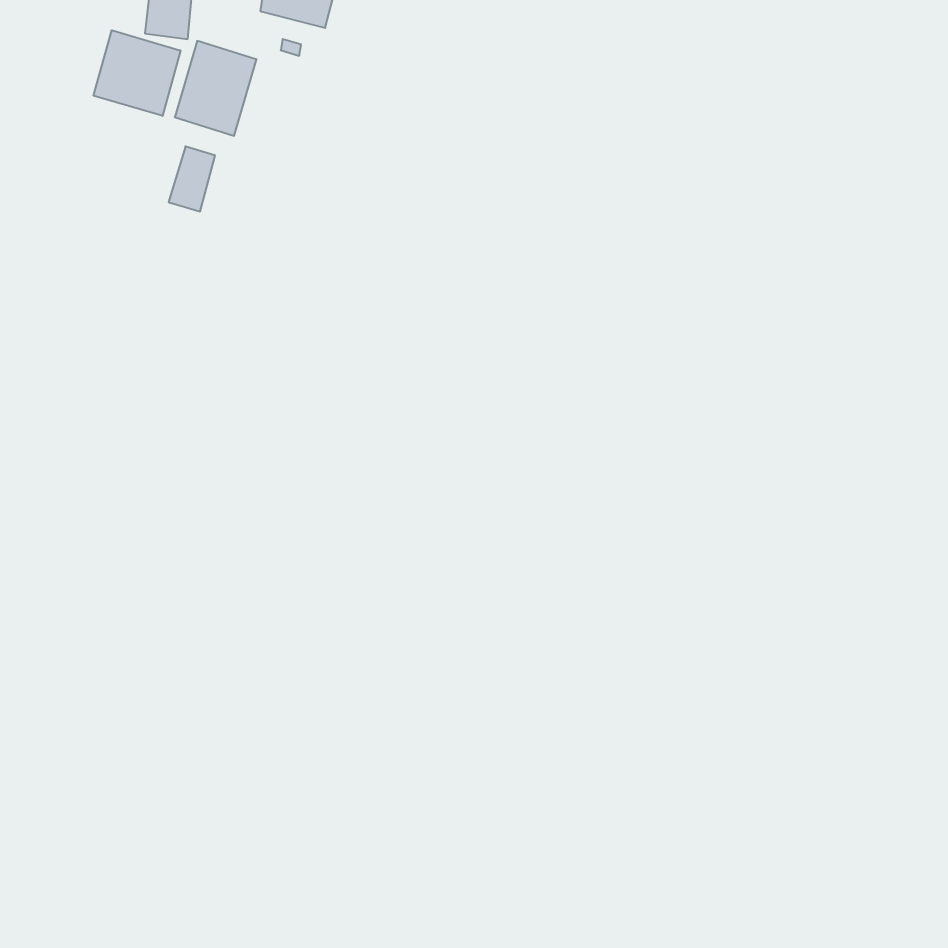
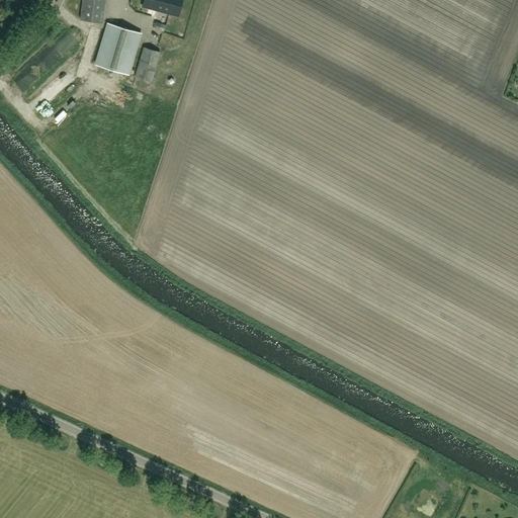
building: [94,30,181,116] -> none
building: [169,146,215,211] -> [134,46,159,81]

